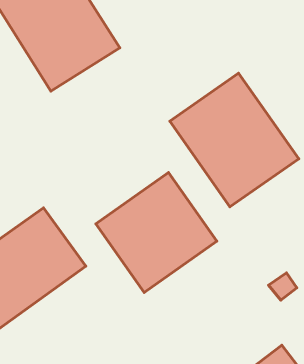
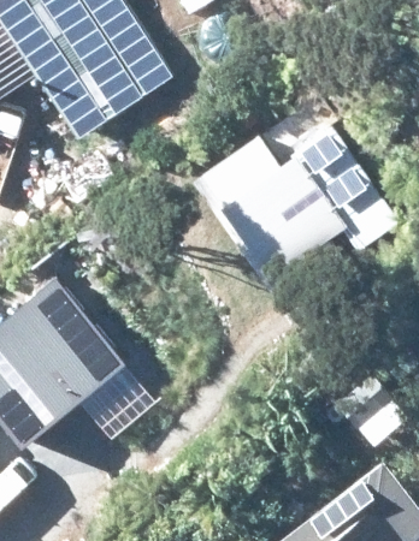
building: [96,172,217,292] -> none

